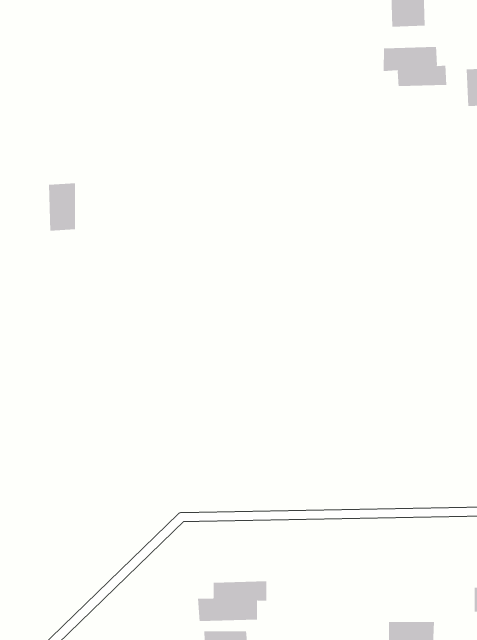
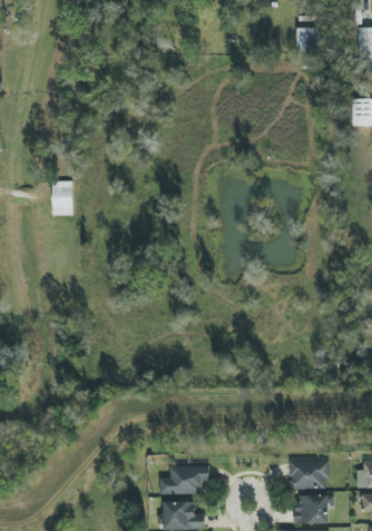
building: [383,46,447,87] -> none
building: none -> [288,460,329,489]

